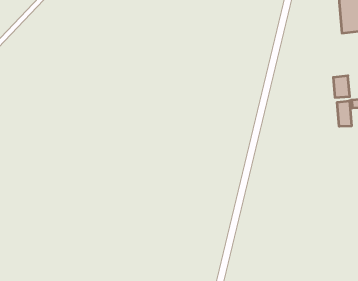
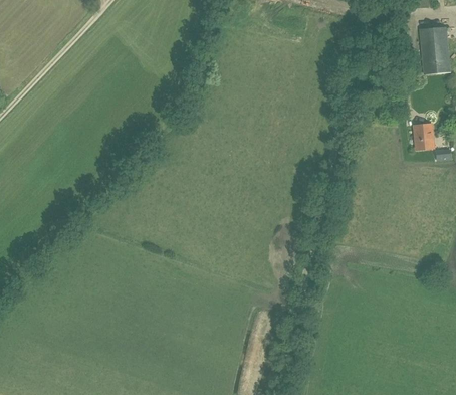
building: [337,101,351,126] -> none

